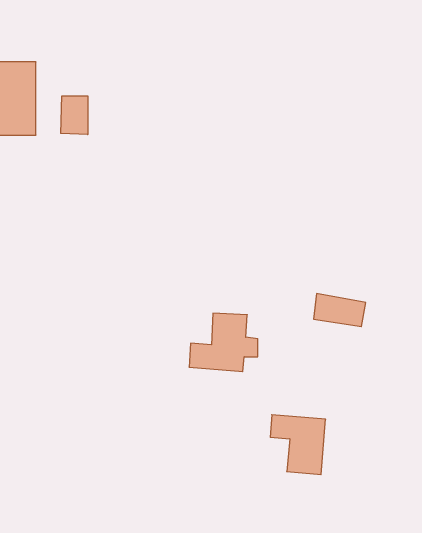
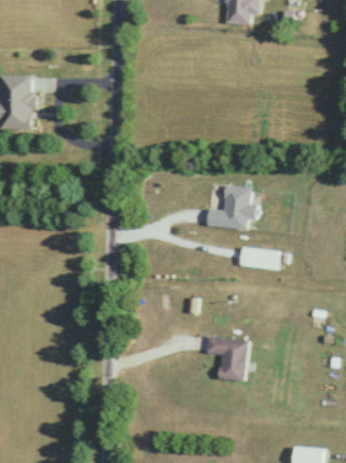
building: [61,96,88,135] -> none
building: [189,313,258,372] -> [206,187,257,230]

